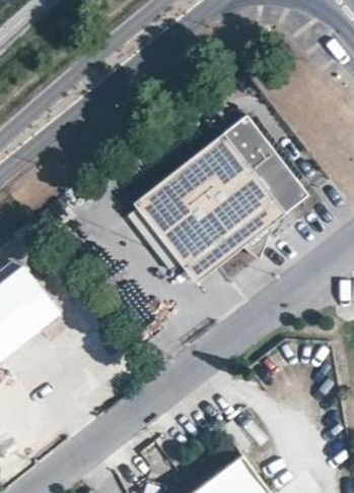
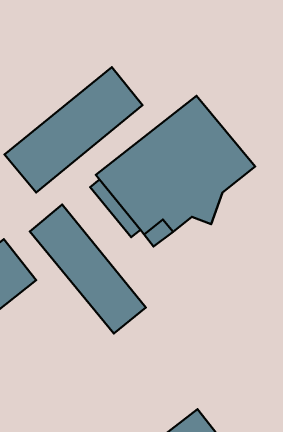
building: none -> [5,67,142,192]
building: none -> [30,205,146,333]

